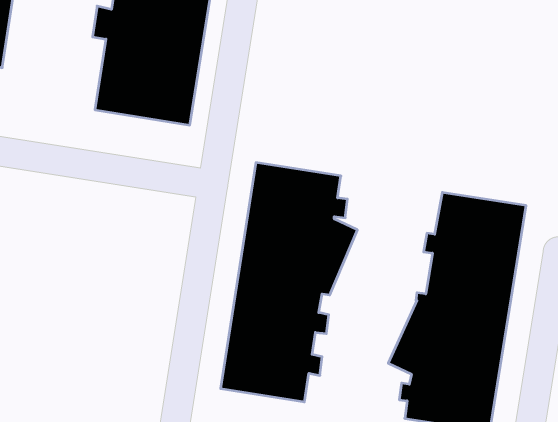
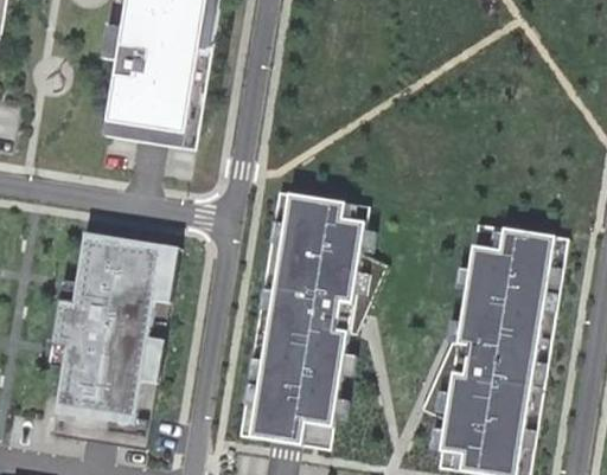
building: none -> [51,233,175,448]

